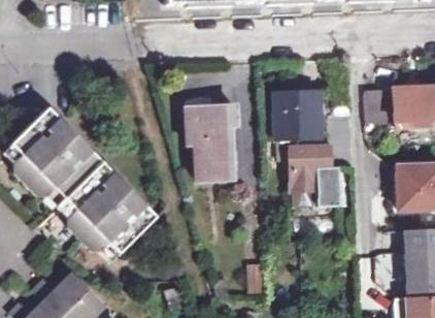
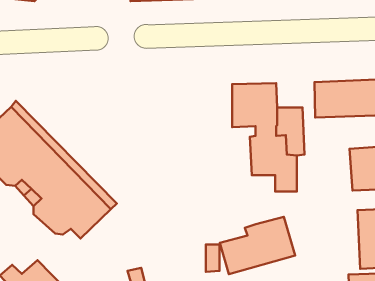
building: [186,95,237,179] -> none
building: none -> [220,217,295,274]

